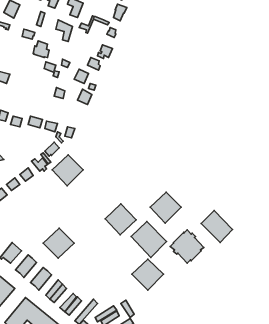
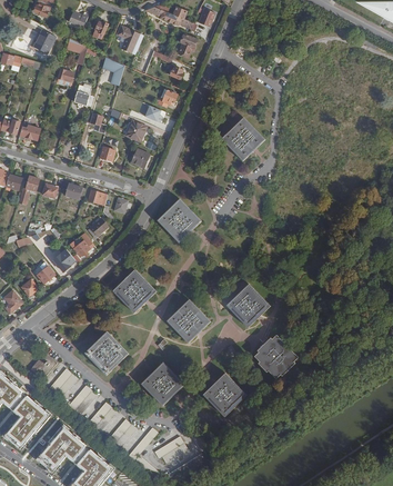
building: none -> [222,118,263,159]
building: none -> [158,200,200,241]
building: [52,155,83,186] -> [113,270,154,311]
building: [201,210,232,243] -> none
building: [131,222,166,257] -> none
building: none -> [142,363,183,404]

